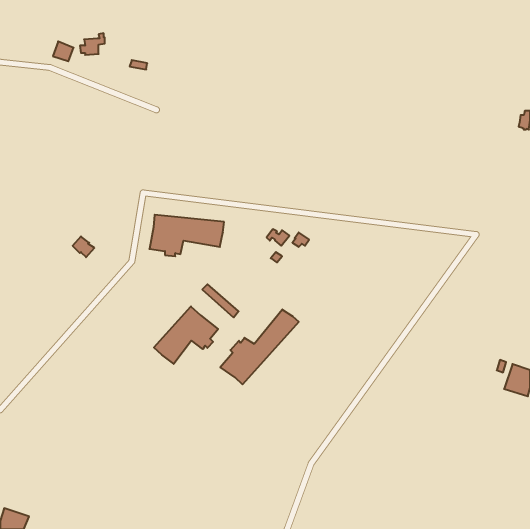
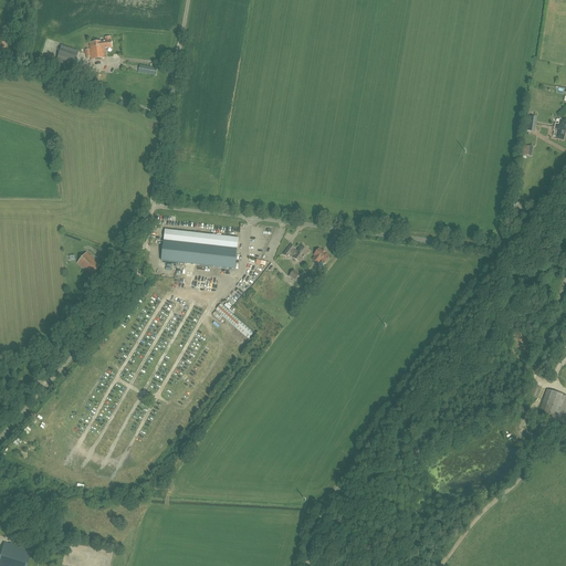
building: [154,306,218,364] -> none
building: [220,309,299,384] -> none

